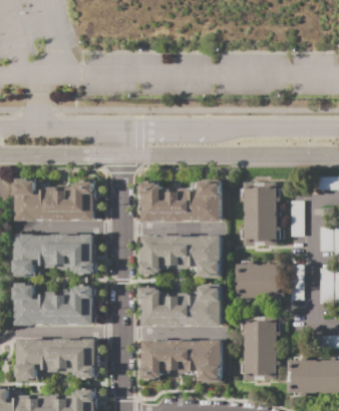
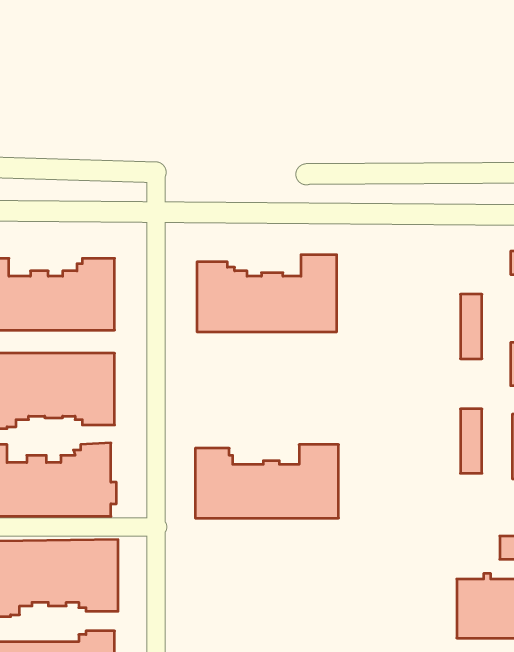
building: [239,181,279,246] -> none
building: [141,235,220,278] -> none
building: [236,261,283,298] -> none
building: [243,317,276,379] -> none
building: [142,340,221,380] -> none

